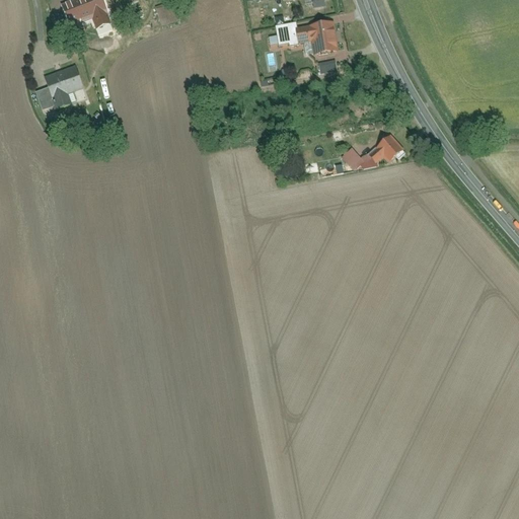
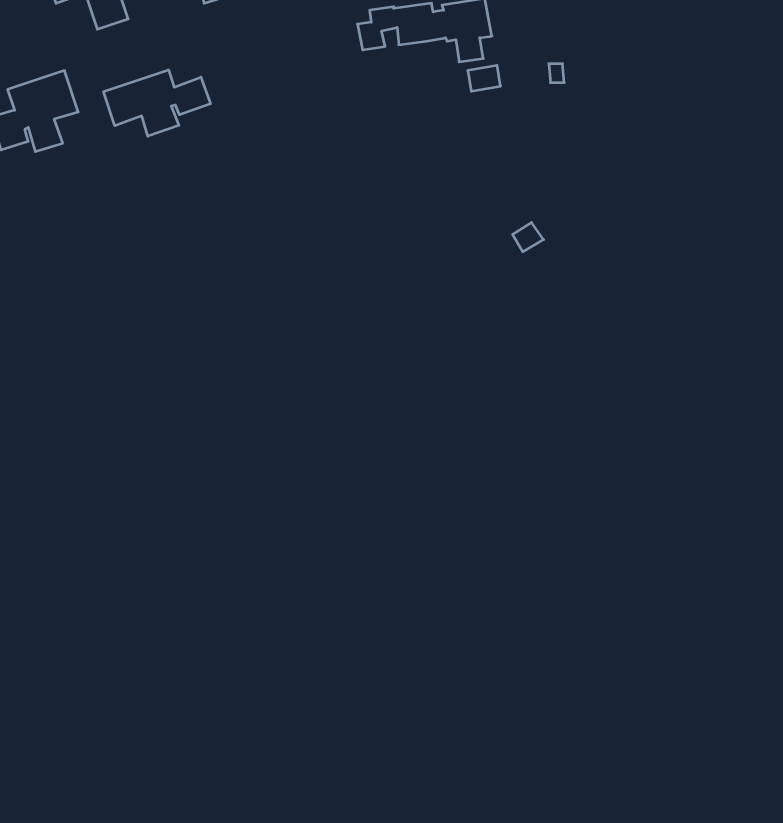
building: none -> [104,70,210,136]
building: [366,136,398,161] -> none

